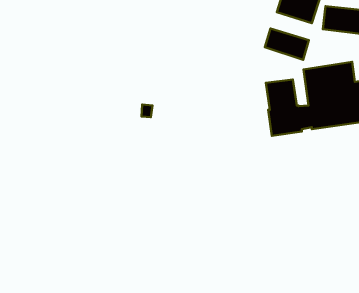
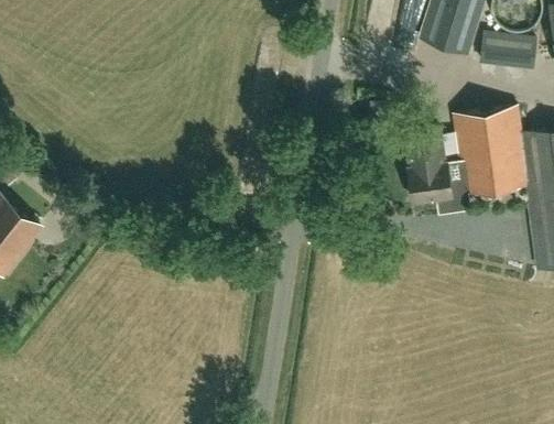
building: [265,28,309,60] -> none

